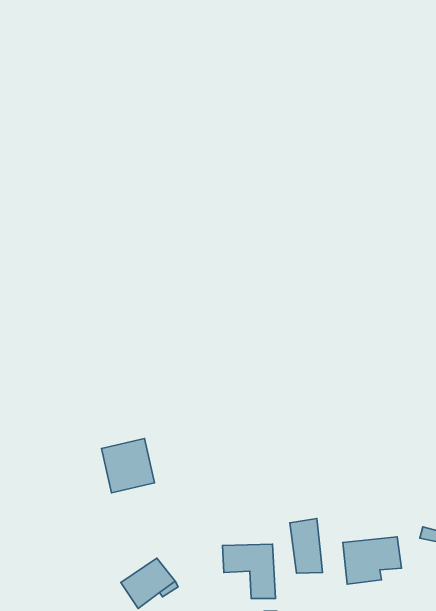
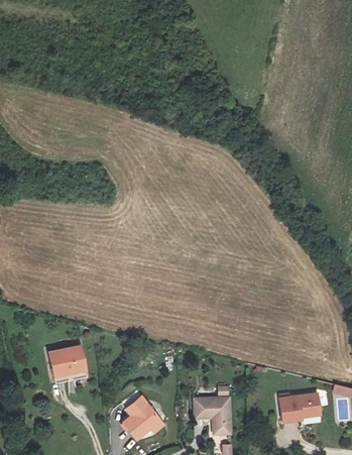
building: [102,438,155,493] -> [48,344,86,382]
building: [290,518,322,573] -> none

